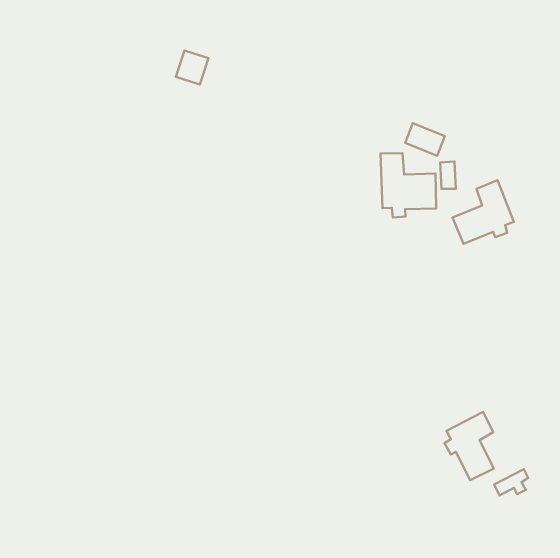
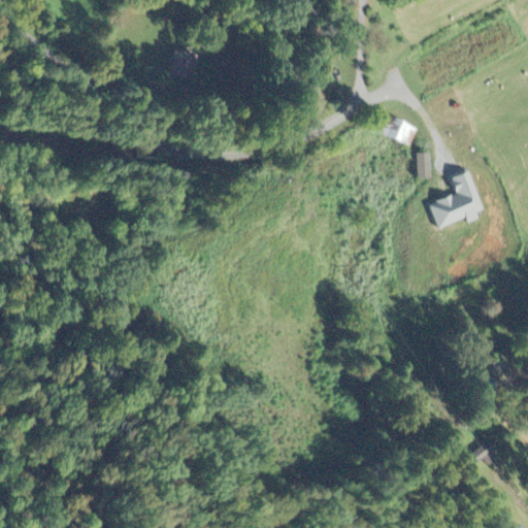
building: [380,153,436,217] -> none
building: [445,412,494,480] -> none

